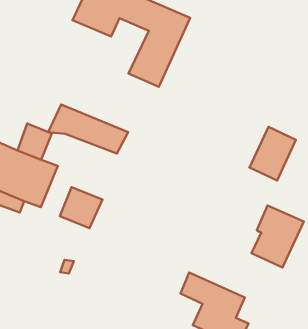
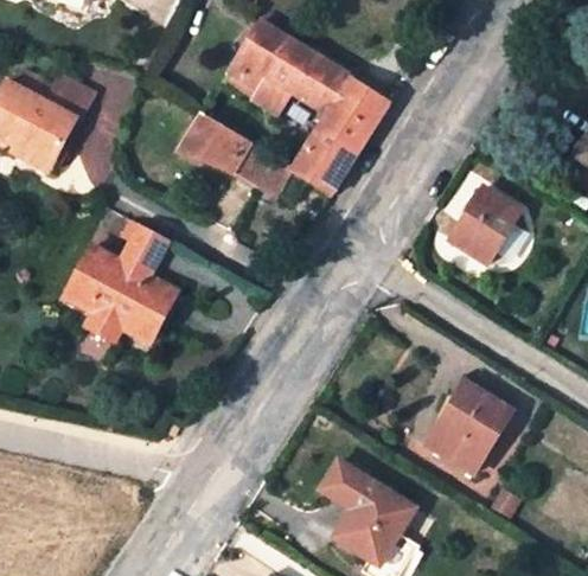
building: [48,105,128,154] -> [178,115,292,196]
building: [250,127,296,181] -> [450,185,522,263]
building: [60,187,103,228] -> none

